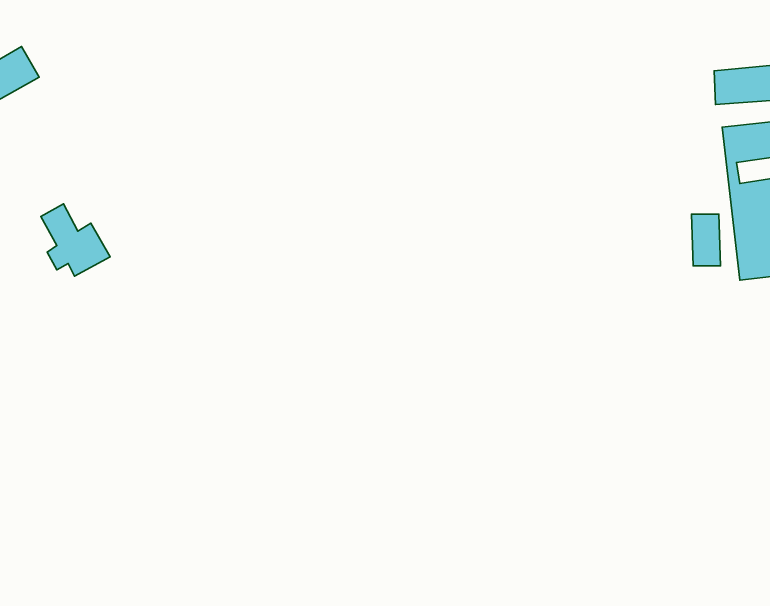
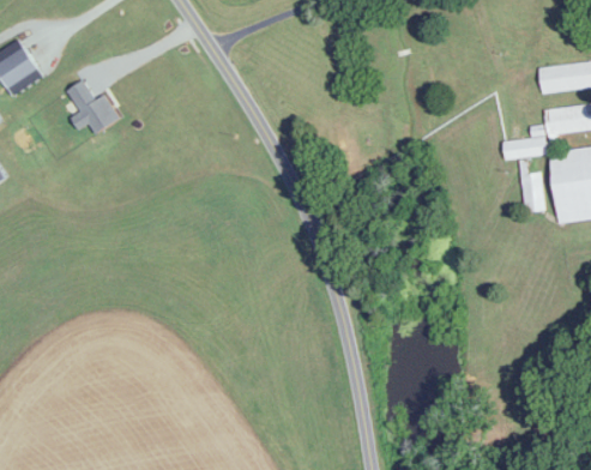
building: none -> [503,140,547,158]
building: [41,204,110,276] -> [67,82,119,135]

